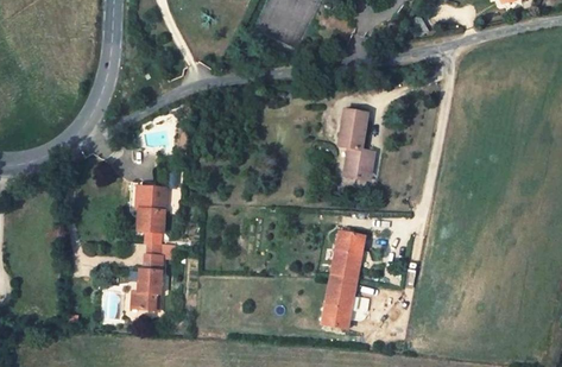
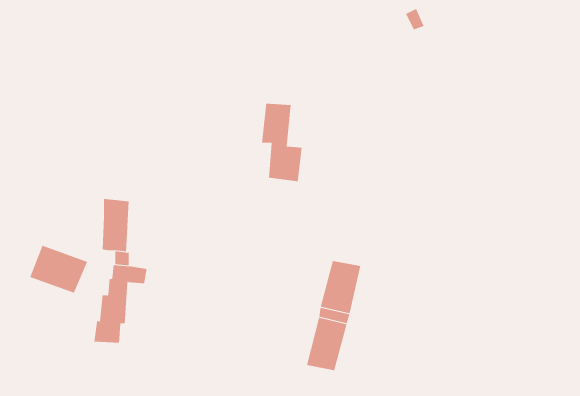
building: [336,116,372,184] -> [261,103,303,182]
building: none -> [30,245,88,293]

